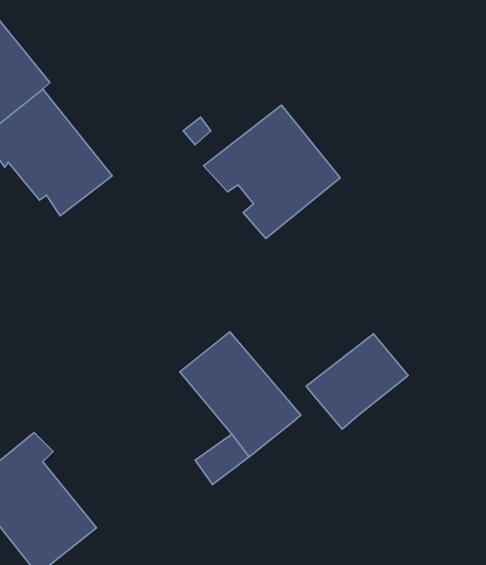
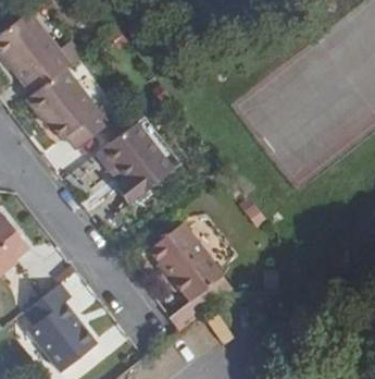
building: [203,105,340,239] -> [96,115,182,199]
building: [306,334,408,429] -> none

